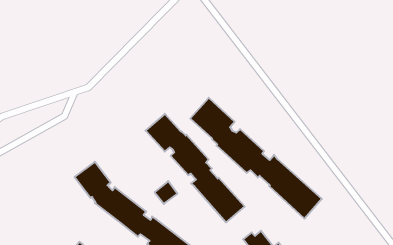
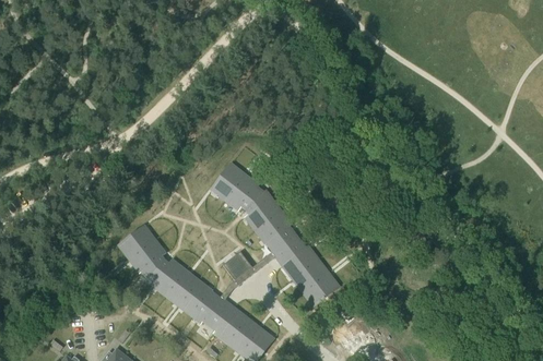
building: [190,98,322,219] -> none

